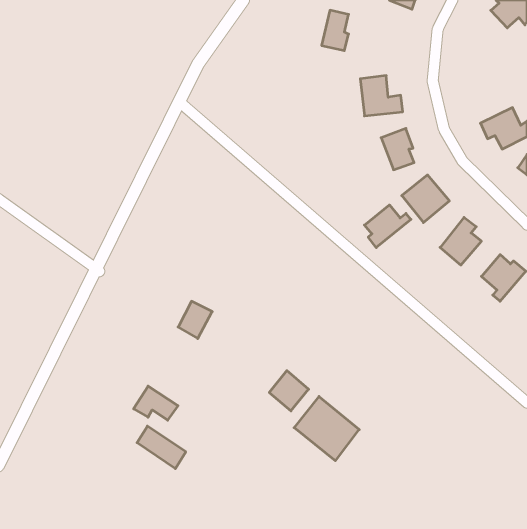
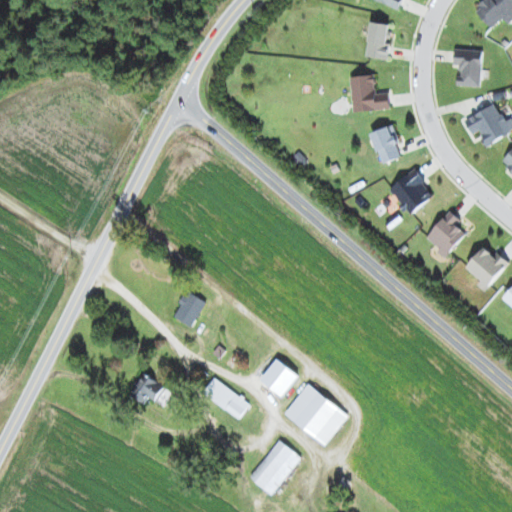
building: [322,10,349,51] -> [363,21,389,60]
building: none -> [453,49,481,86]
building: [364,205,411,248] -> none
building: [137,426,186,469] -> [202,377,249,418]
building: none -> [249,439,300,494]

